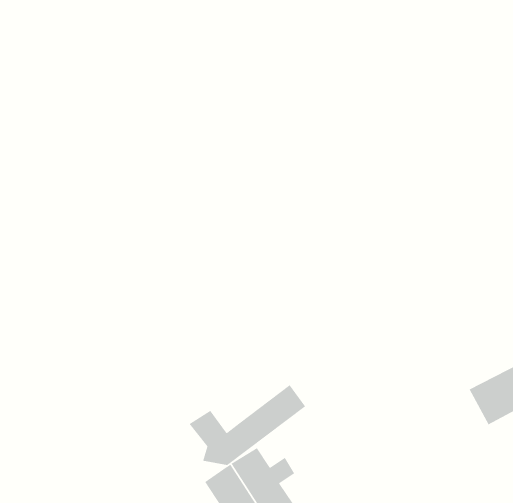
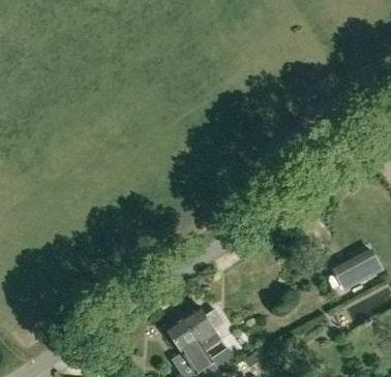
building: [189,384,306,466] -> none

